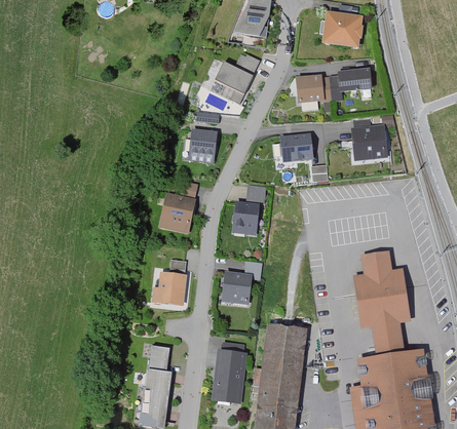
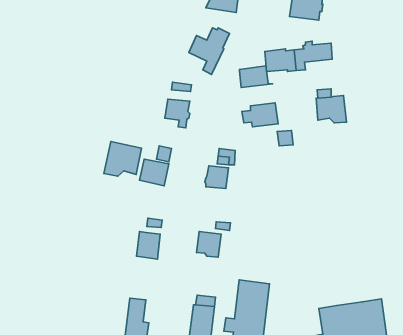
building: none -> [239,66,273,87]
building: none -> [104,141,142,176]
building: [352,249,410,354] -> none

